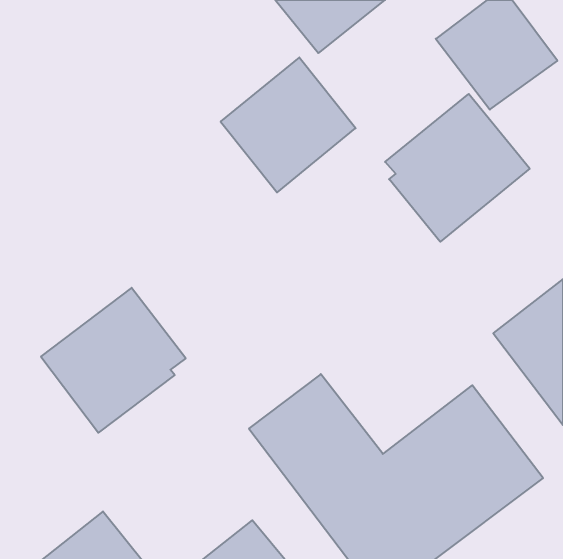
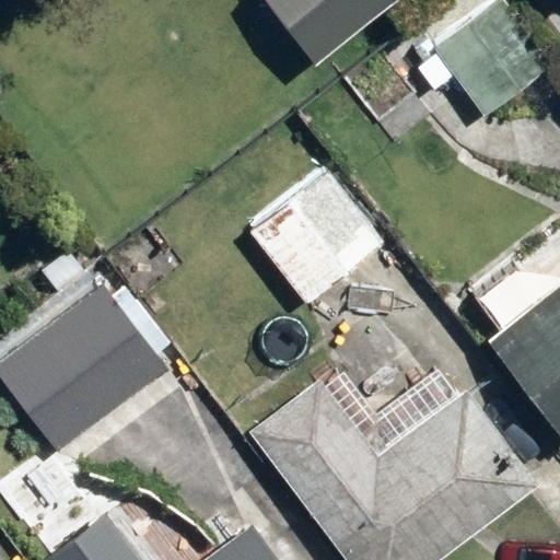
building: [221,57,356,192] -> [248,170,382,303]
building: [385,94,530,242] -> none

